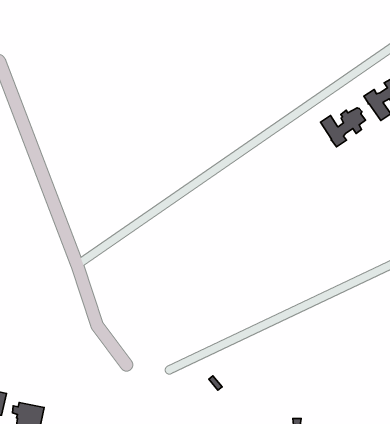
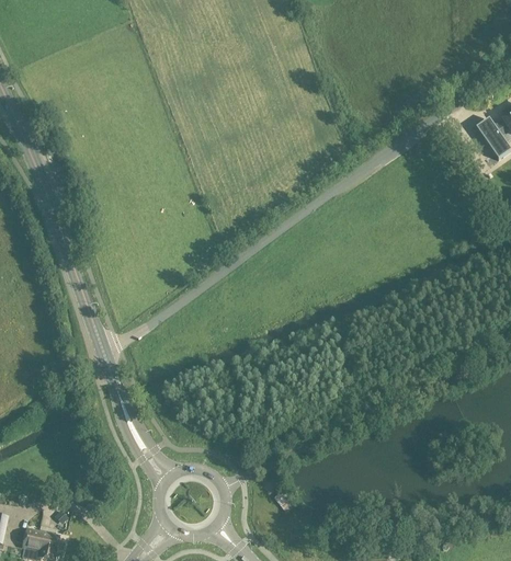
building: [320,108,365,147] -> none

